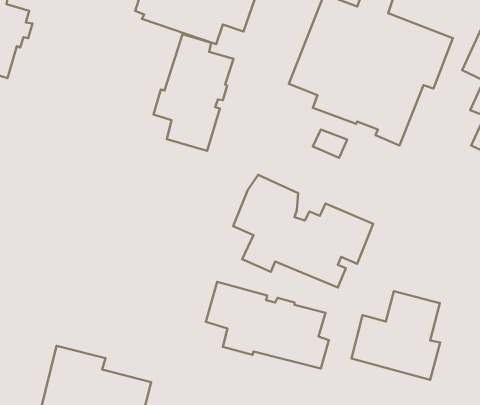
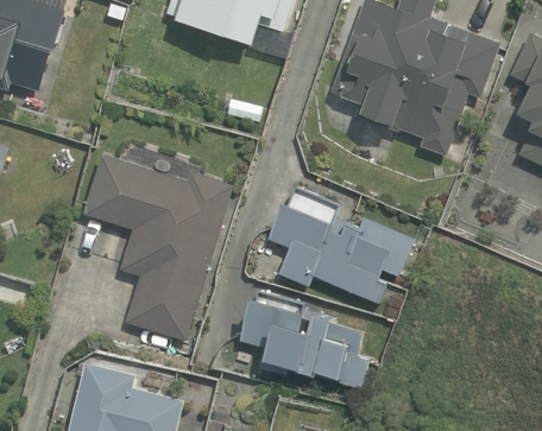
building: [153,34,233,151] -> none
building: none -> [82,153,233,340]
building: [351,291,440,380] -> none

